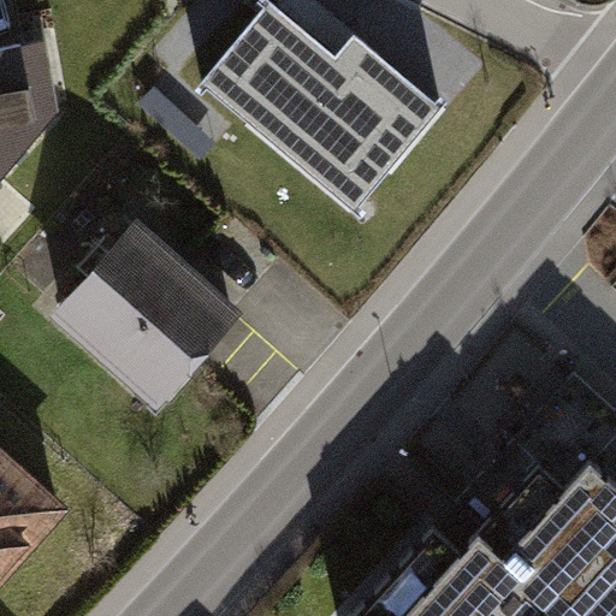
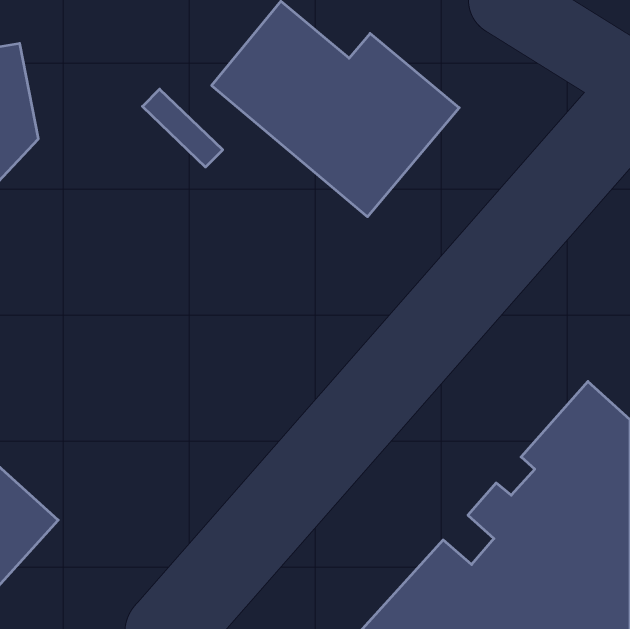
building: [53,221,243,410] -> none

